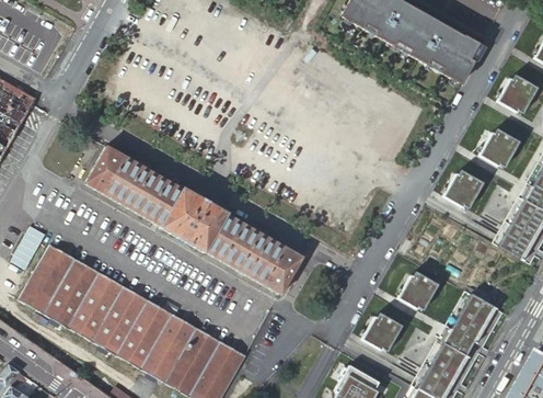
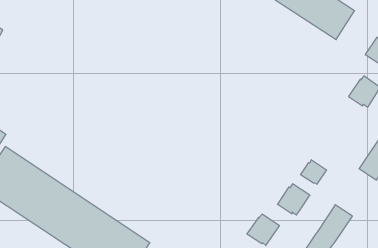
building: [83,147,297,295] -> none
building: [442,168,483,206] -> none
building: none -> [301,160,327,184]

